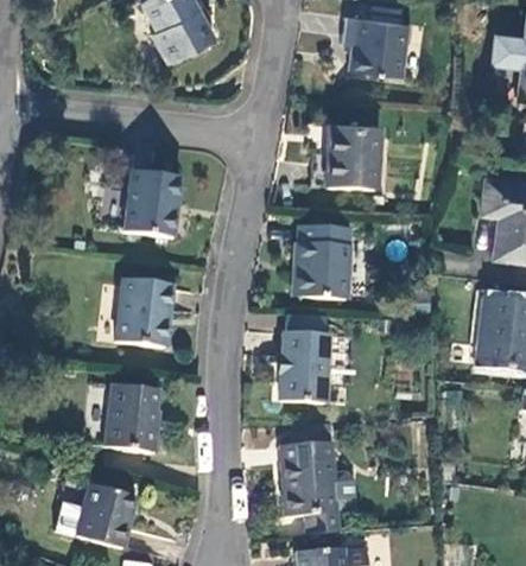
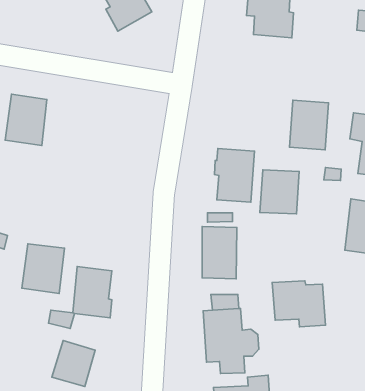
building: [327,122,380,190] -> [289,100,329,150]
building: [122,171,179,241] -> [5,94,47,145]
building: none -> [260,170,299,214]
building: [114,279,172,346] -> [22,244,64,293]
building: none -> [272,281,325,327]

